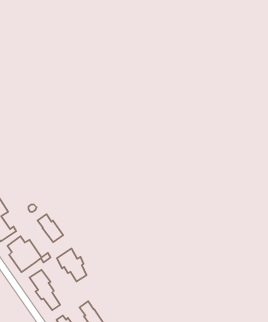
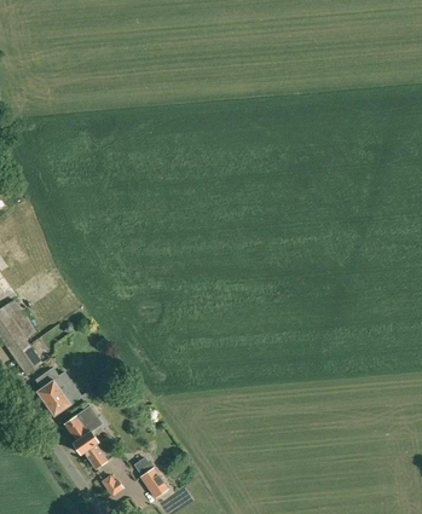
building: [38,214,63,242] -> none
building: [57,249,86,281] -> none

